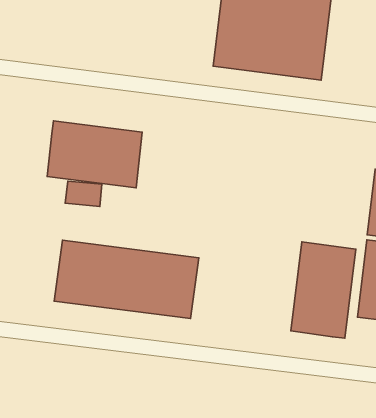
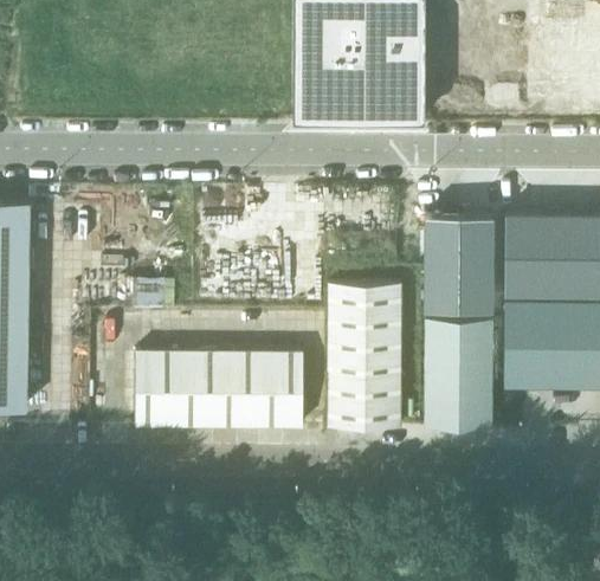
building: [47,121,142,188] -> none
building: none -> [425,220,492,315]
building: none -> [328,284,401,427]

